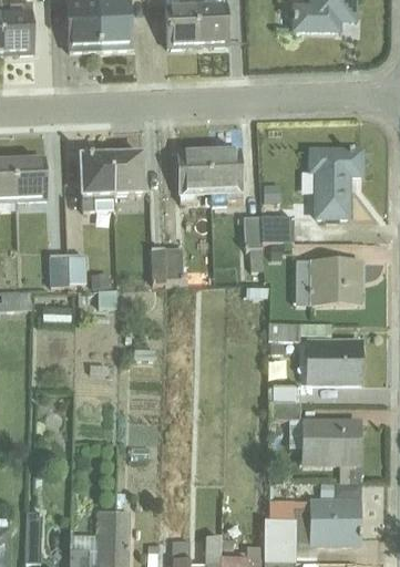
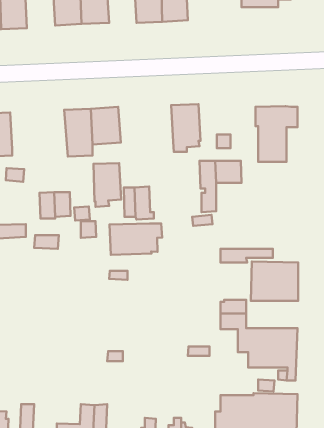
building: [177,148,211,202] -> [94,163,121,207]
building: [13,155,48,202] -> none
building: [295,260,365,305] -> none
building: none -> [109,223,162,255]

